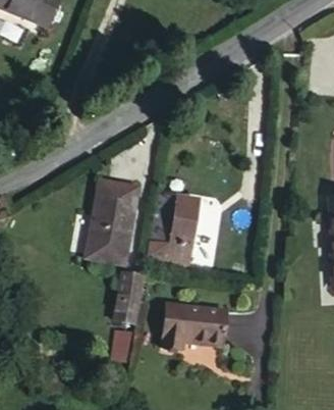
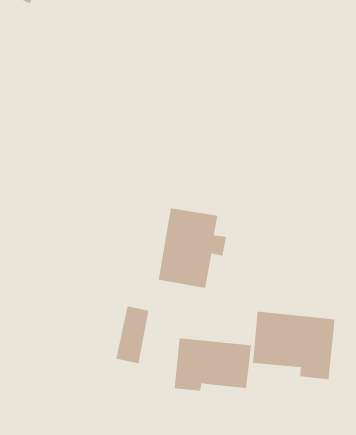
building: [87,183,137,266] -> none
building: none -> [252,311,335,380]

